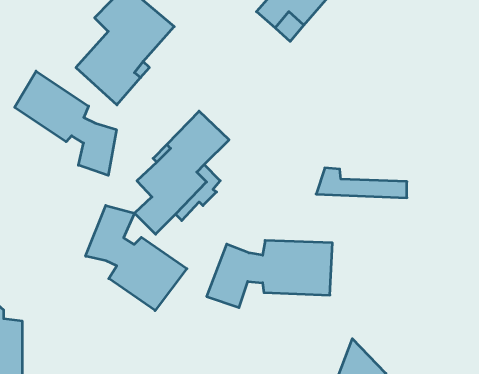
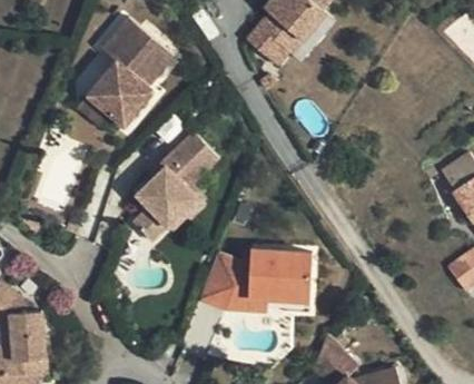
building: [15,71,116,175] -> none
building: [316,168,407,198] -> [228,283,309,309]
building: [86,205,187,311] -> none

